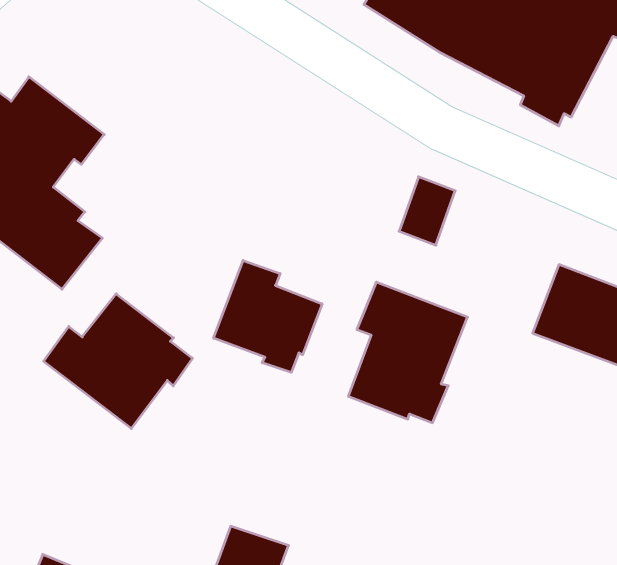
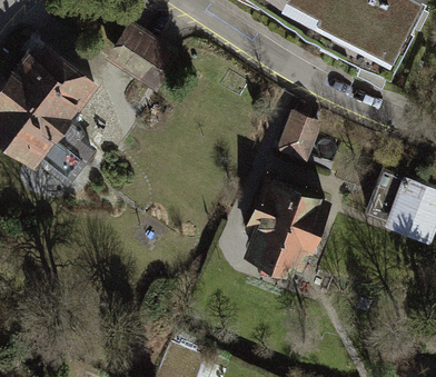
building: none -> [106,22,178,89]
building: [214,260,322,372] -> none
building: [44,294,192,429] -> none

